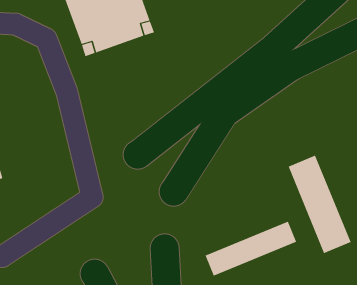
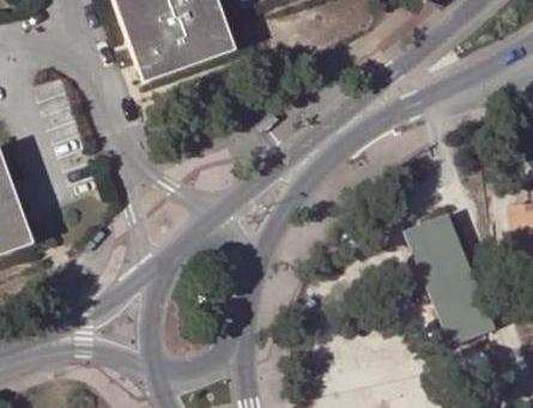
building: [205,221,297,277] -> none

